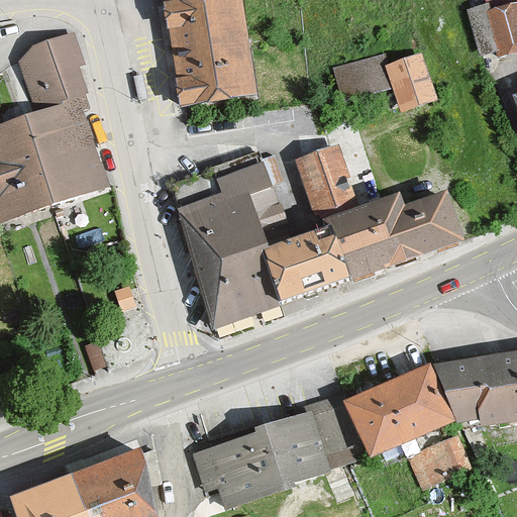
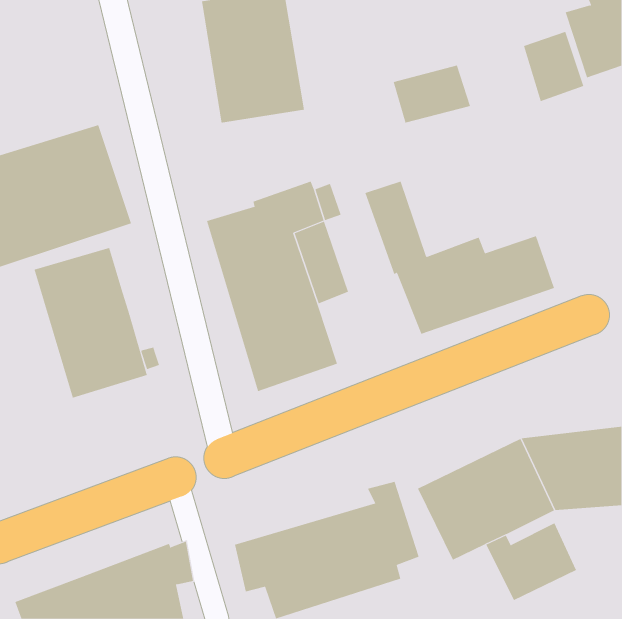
building: [14,33,87,112] -> none
building: [386,54,436,112] -> [523,31,584,102]
building: none -> [34,247,147,399]
building: [264,226,348,301] -> none

